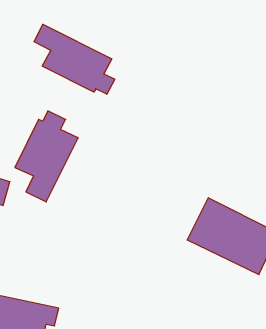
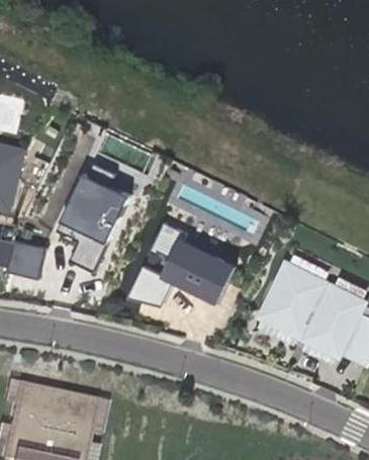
building: [34,24,115,94] -> none
building: none -> [126,222,237,310]

